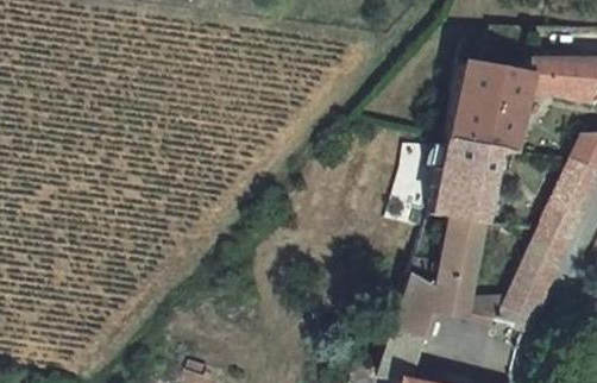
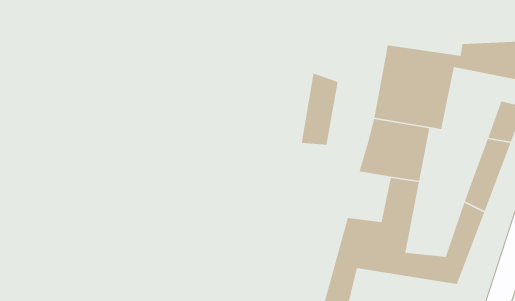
building: none -> [301,72,339,146]

